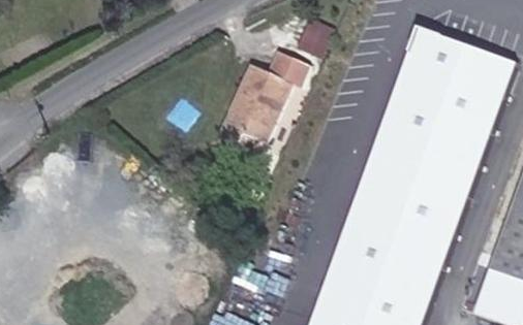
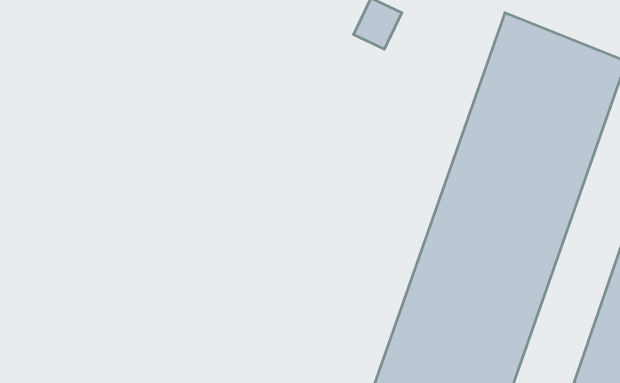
building: [230,63,308,152] -> none

